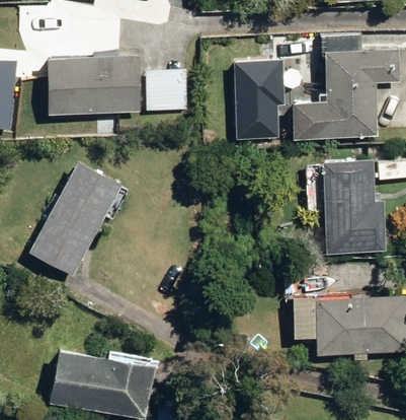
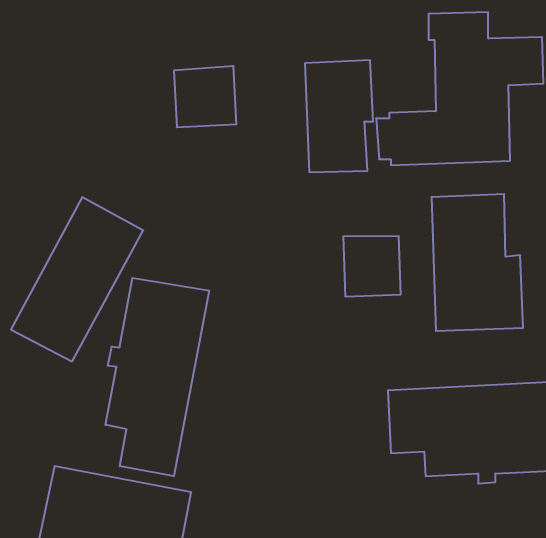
building: [47,55,141,115] -> none
building: none -> [343,236,401,297]
building: none -> [105,278,209,476]

